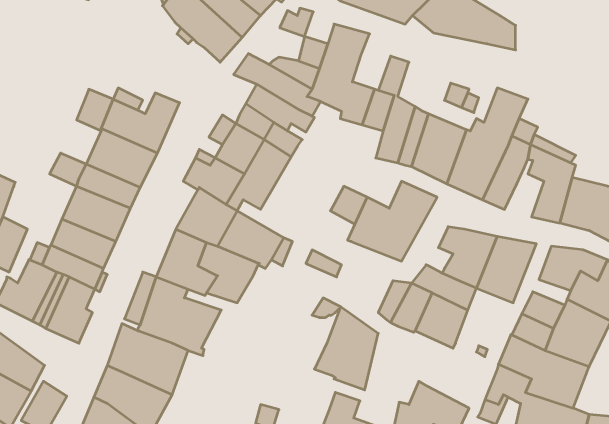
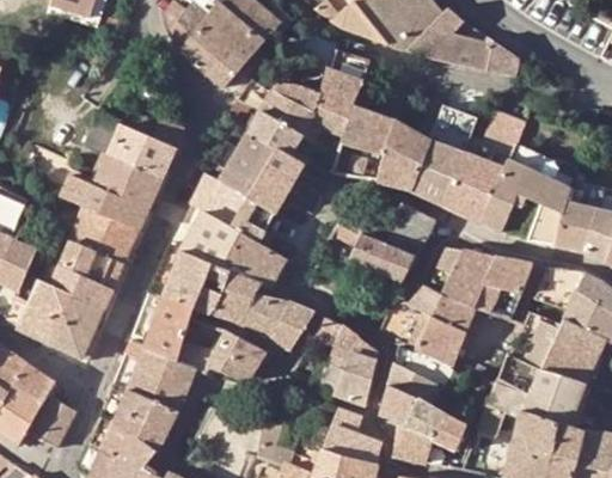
building: none -> [241,296,313,349]
building: none -> [207,330,265,382]
building: none -> [379,362,436,422]

